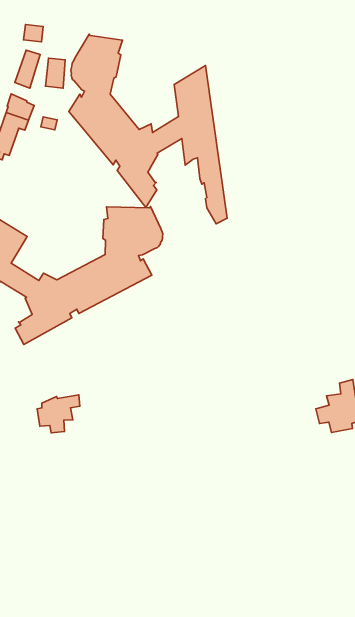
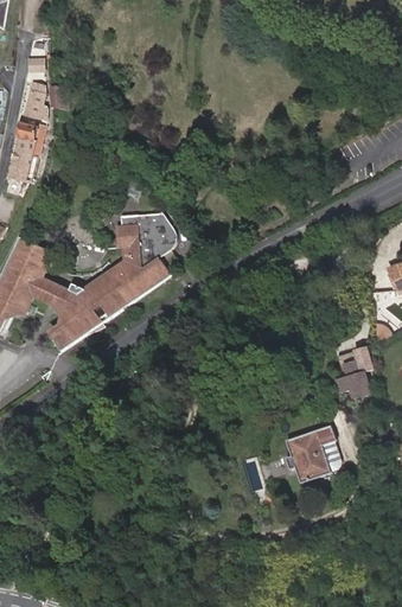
building: [69,34,227,224] -> none
building: [37,395,80,433] -> none
building: none -> [283,424,340,483]

